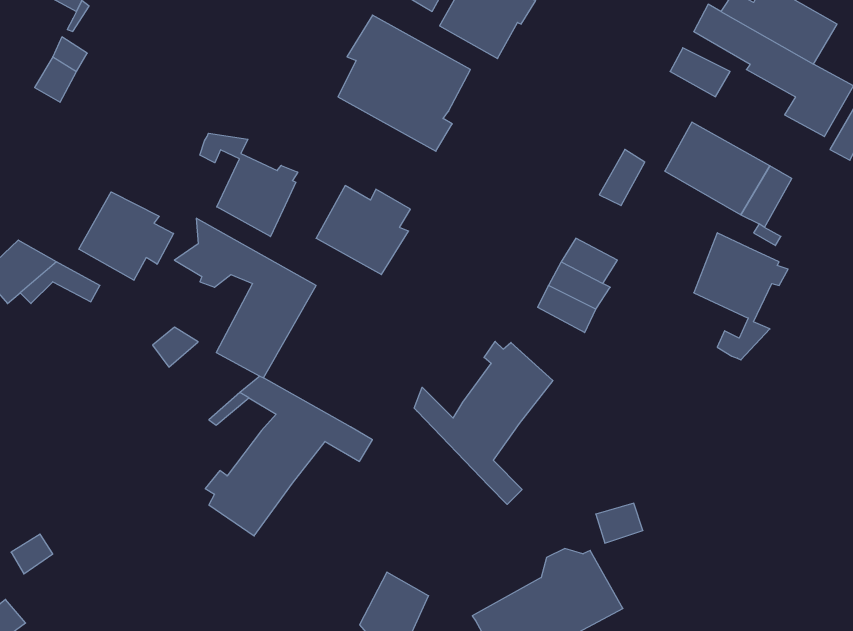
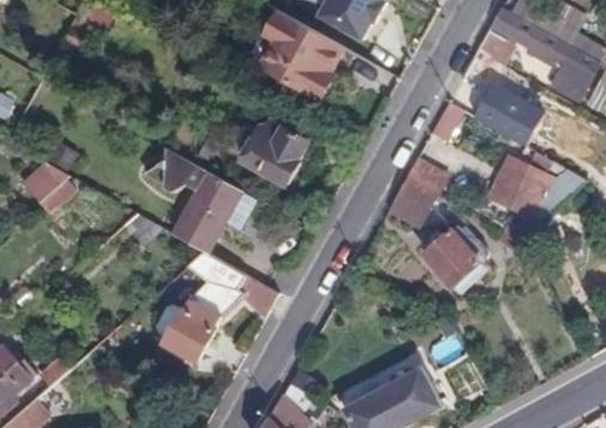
building: [200,133,298,237] -> none
building: [79,192,174,280] -> none
building: none -> [425,218,490,280]
building: [414,341,553,504] -> none

